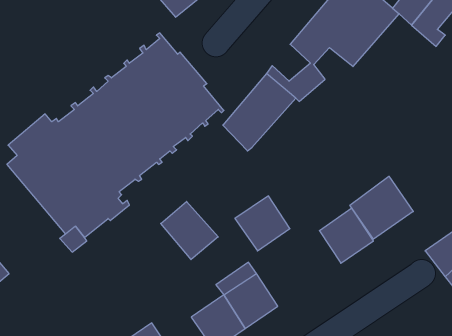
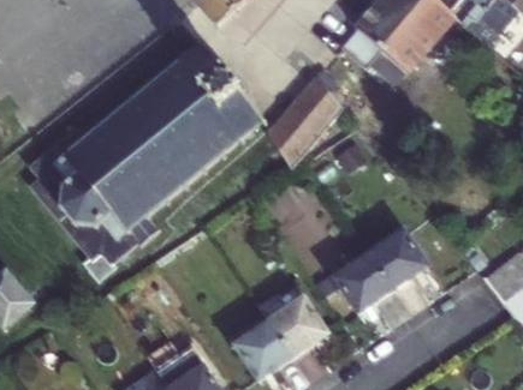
building: [350,176,413,239] -> none
building: [235,196,290,251] -> [333,251,392,310]
building: [161,201,218,260] -> none

